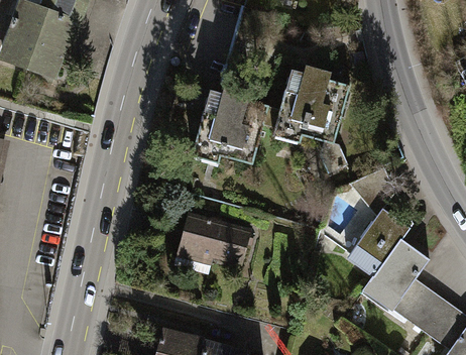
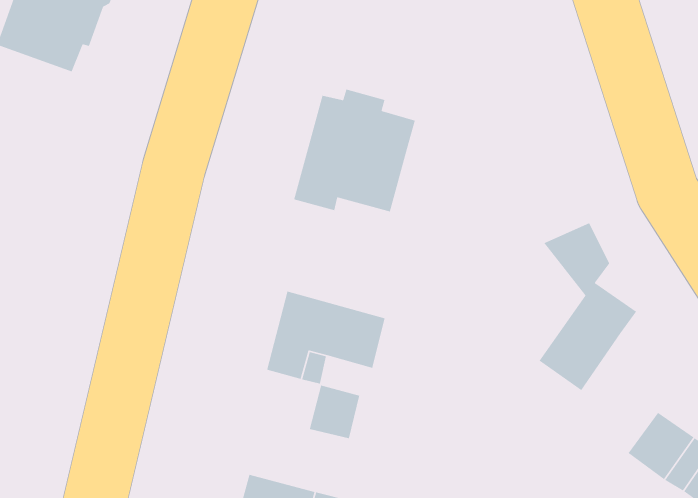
building: [264,66,349,172] -> none
building: [368,241,428,317] -> none
building: none -> [309,385,360,439]

